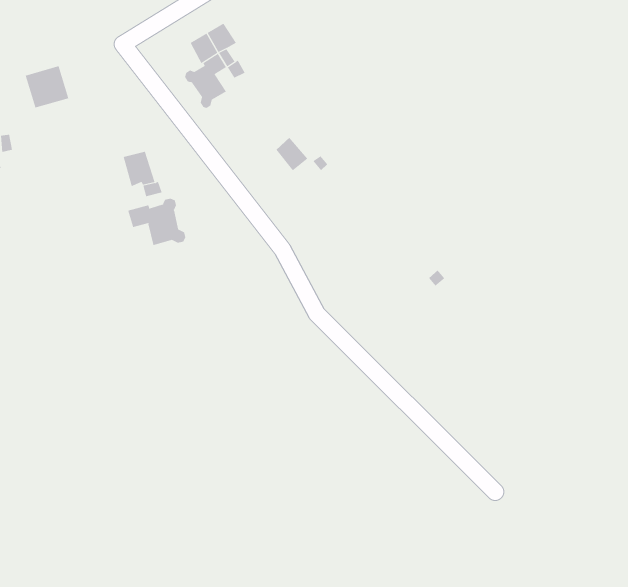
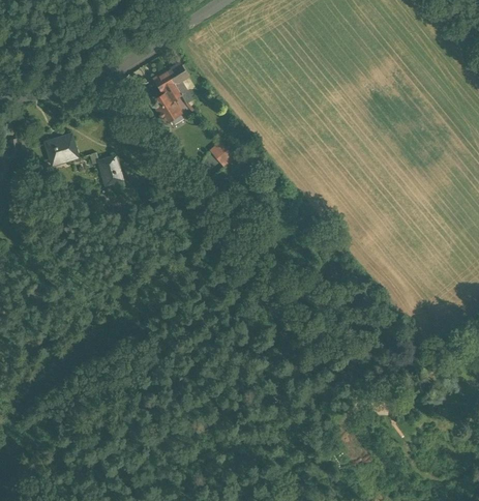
building: [25,66,69,108] -> [48,138,80,169]
building: [128,198,186,246] -> none

